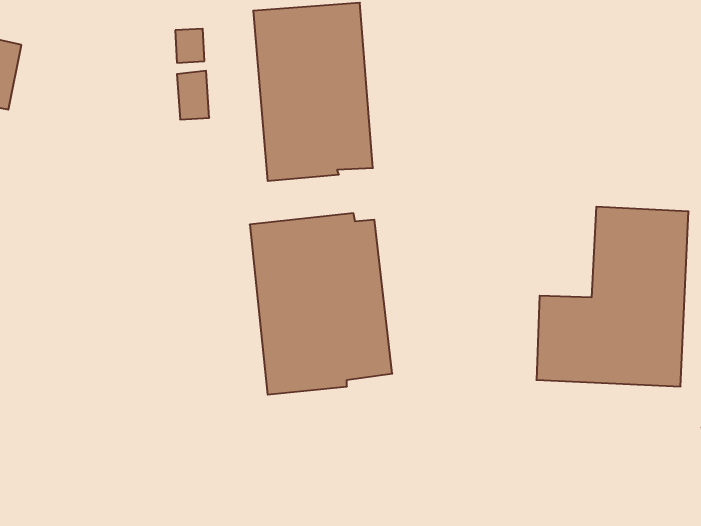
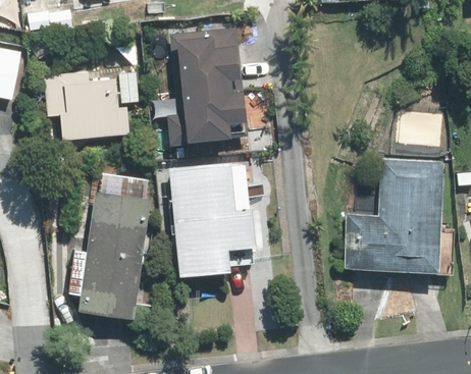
building: none -> [42,72,128,140]
building: none -> [68,192,155,320]

